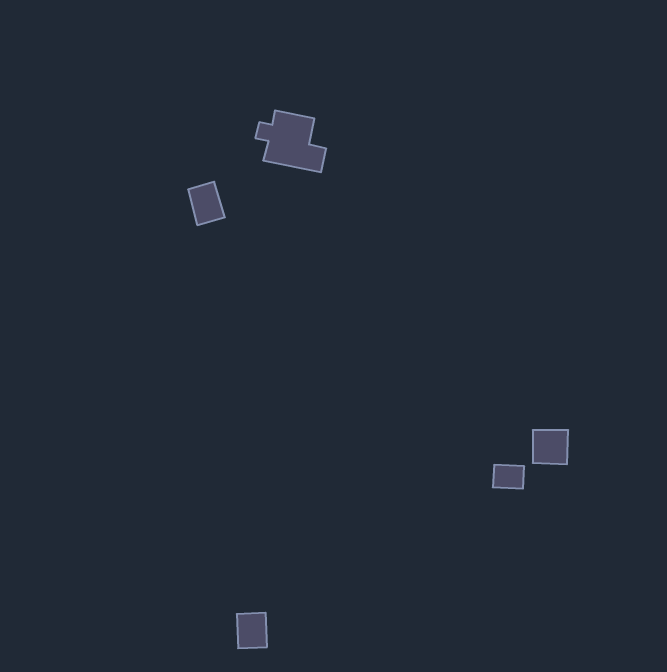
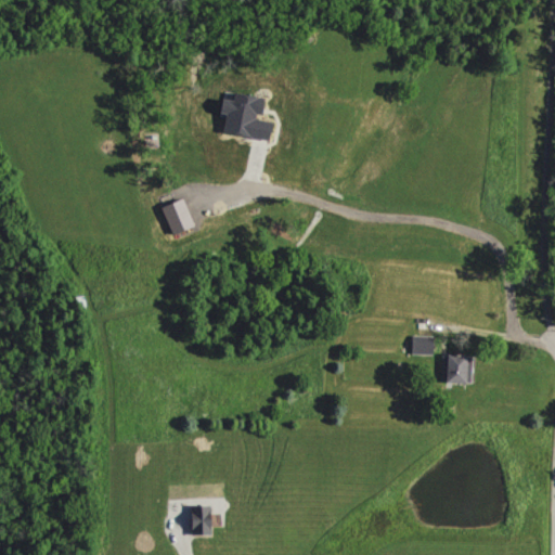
building: [188,182,225,225] -> [163,199,193,235]
building: [493,465,524,489] -> [411,335,437,354]

